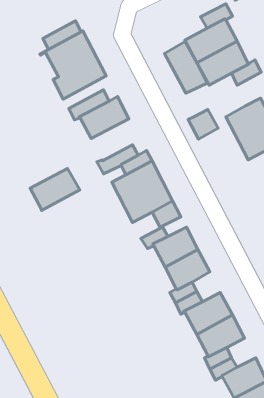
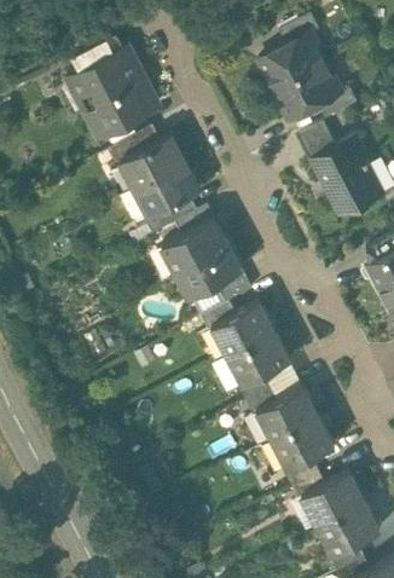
building: [165,42,207,93] -> none
building: [188,109,218,139] -> [297,123,336,162]
building: [30,168,80,210] -> [137,164,201,219]

